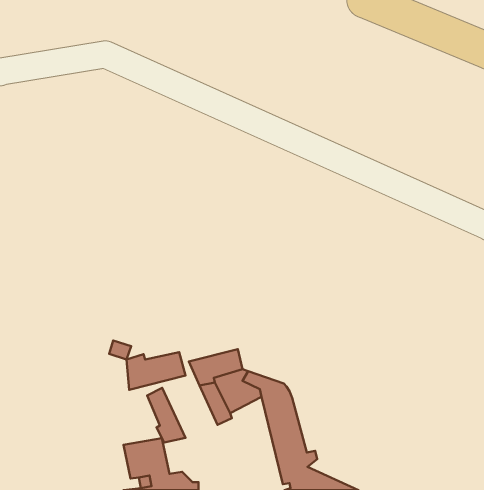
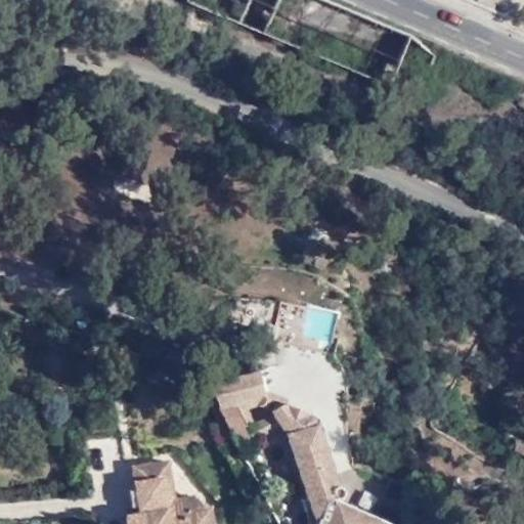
building: [127,352,185,390] -> none
building: [147,388,185,443] -> none

